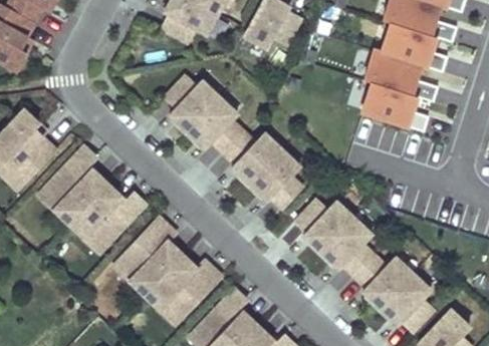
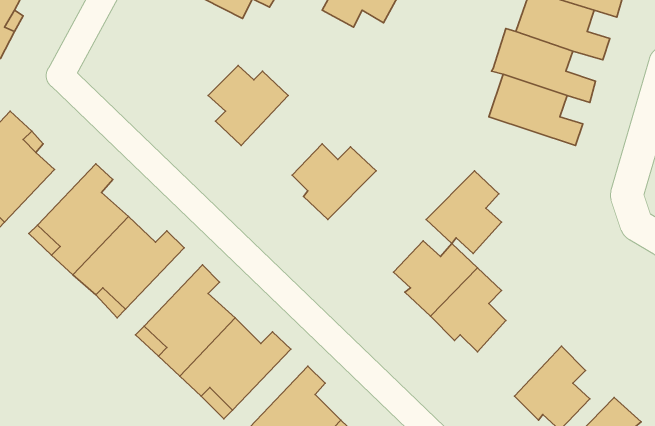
building: [187,96,244,152] -> none
building: [248,149,301,208] -> [426,171,502,254]
building: [353,255,413,308] -> none

